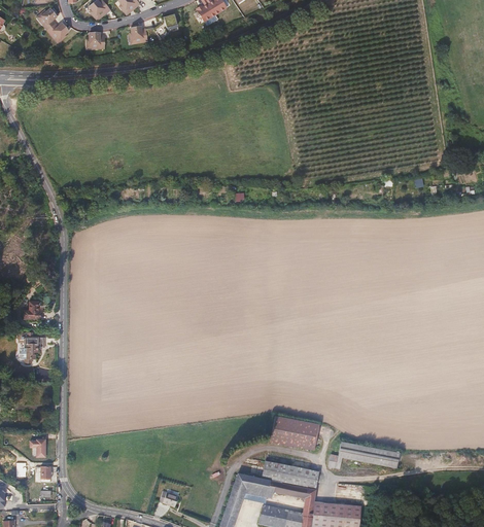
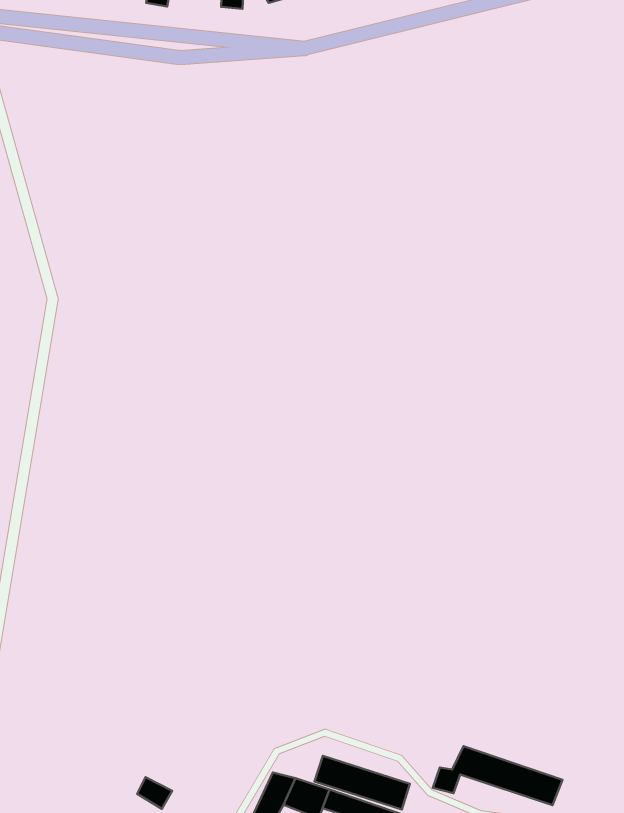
building: [269,416,318,448] -> none

